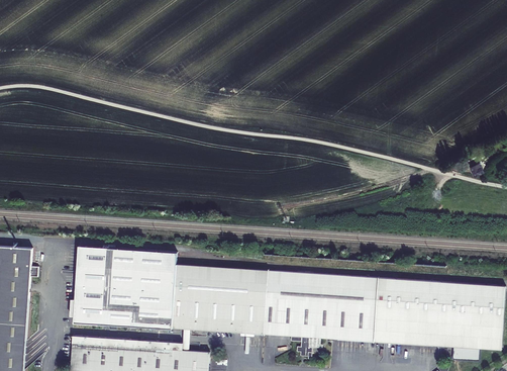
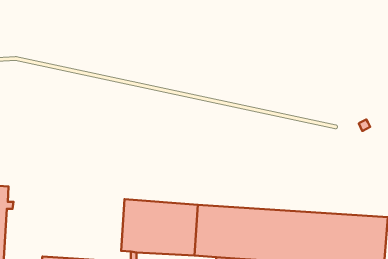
building: [73,247,176,329] -> none

